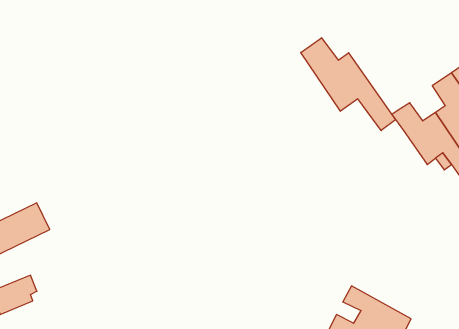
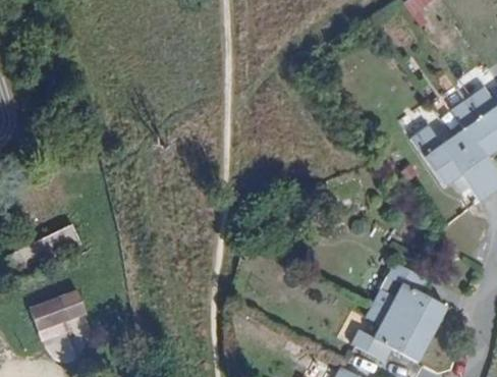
building: [301,38,395,131] -> none
building: none -> [374,263,445,334]

